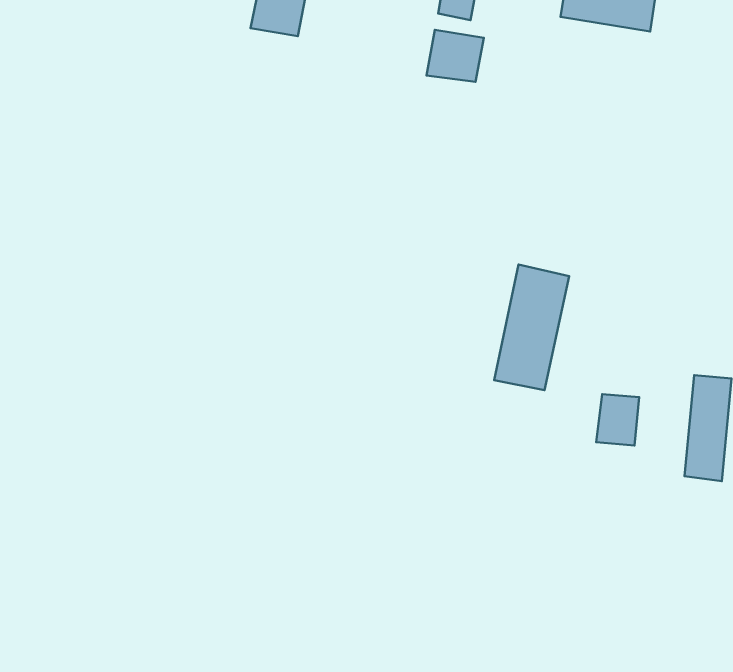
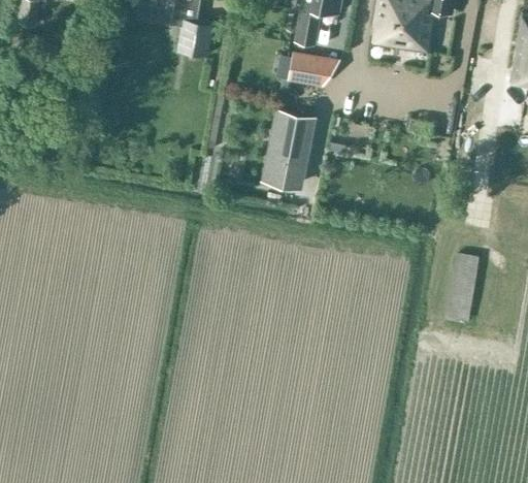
building: [494,265,569,390] -> [261,104,308,184]
building: [596,394,639,445] -> none

